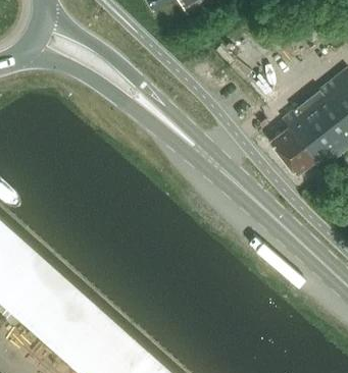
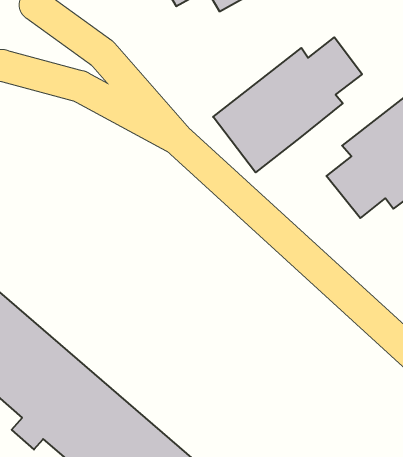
building: none -> [213,37,362,172]

